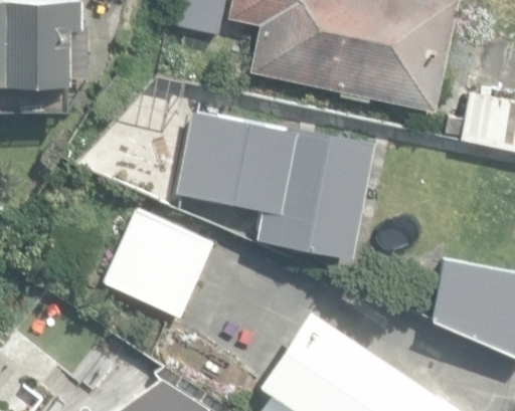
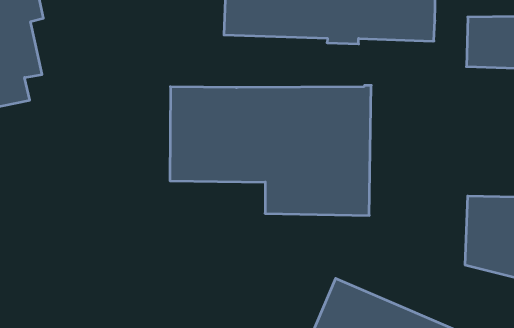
building: [103,208,214,318] -> none

